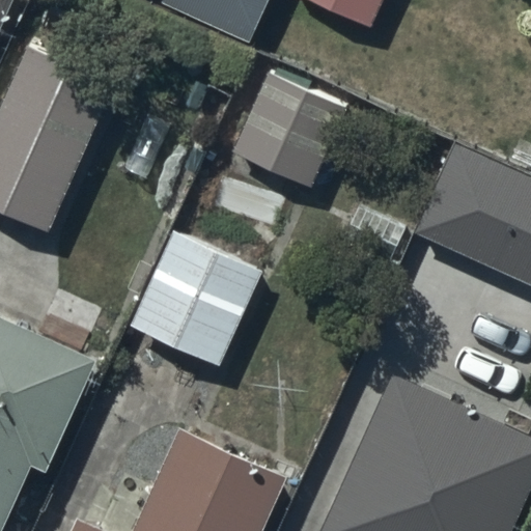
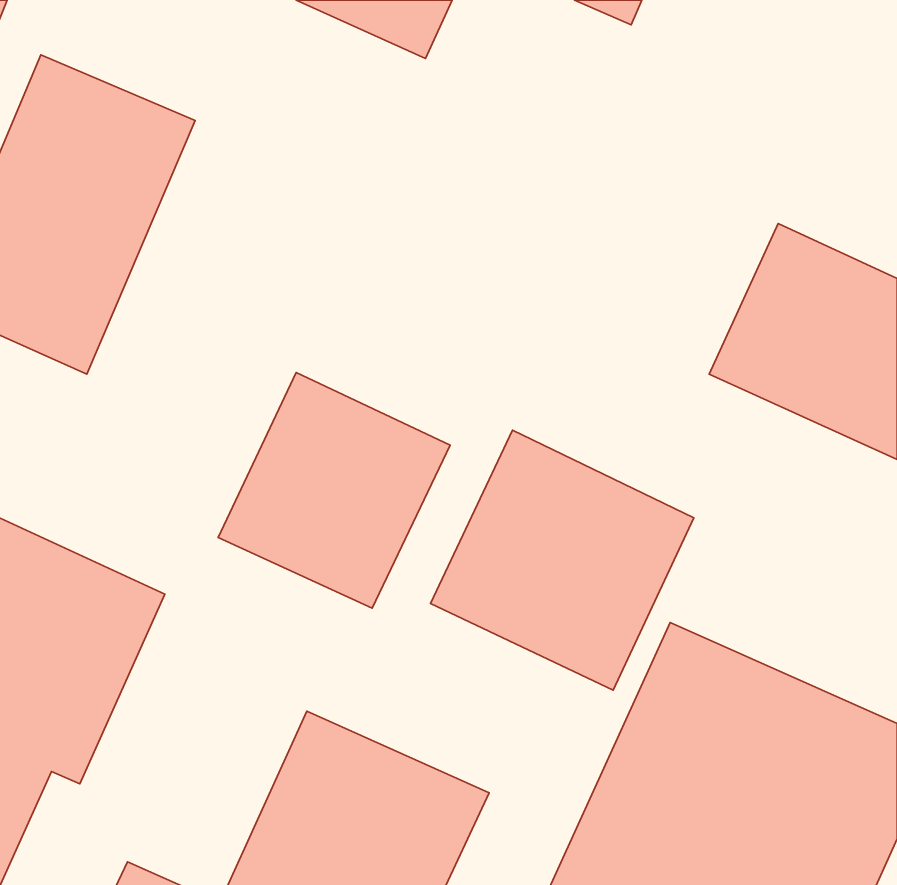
building: [230,72,347,188] -> none
building: none -> [431,430,694,690]

